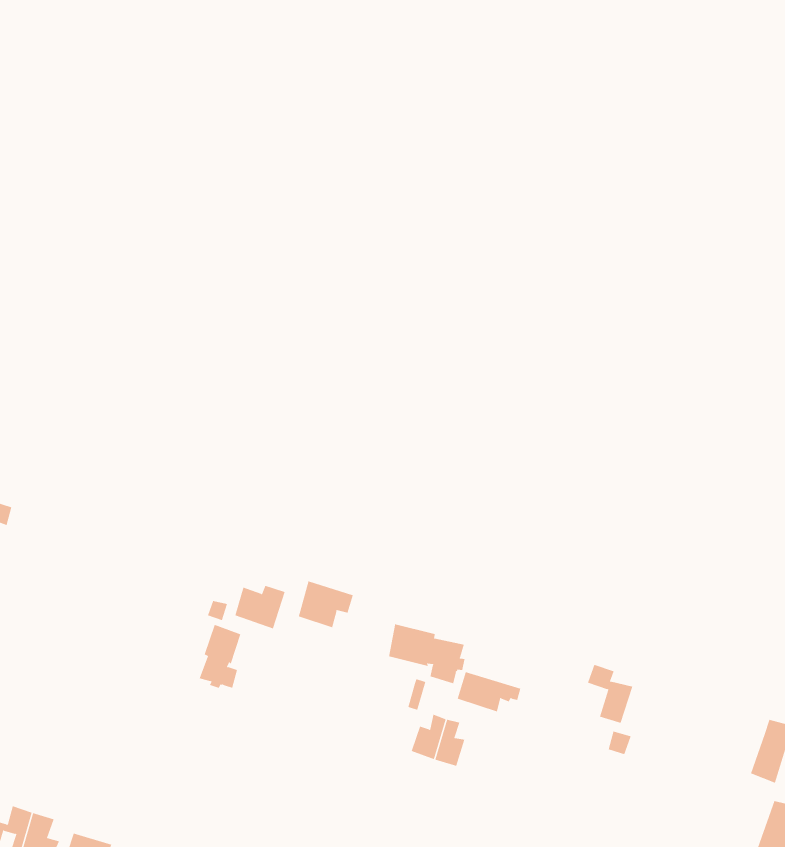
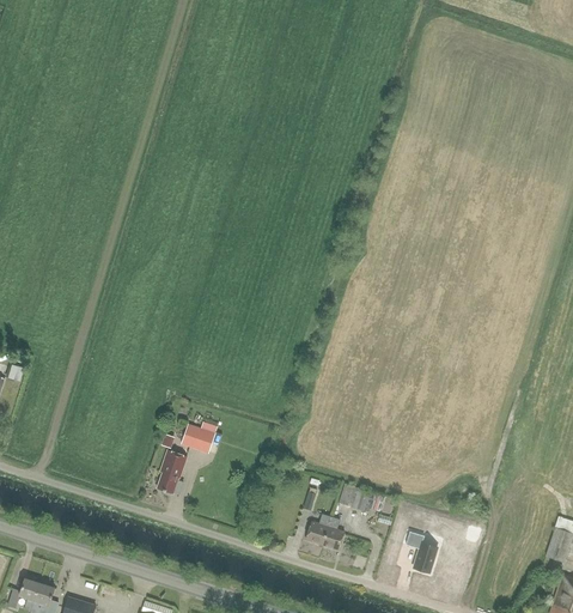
building: [298,580,353,628] -> none
building: [388,624,465,684] -> none
building: [587,664,633,724] -> [406,532,438,573]

